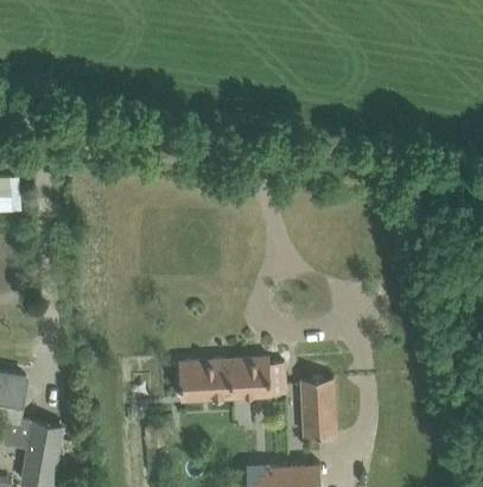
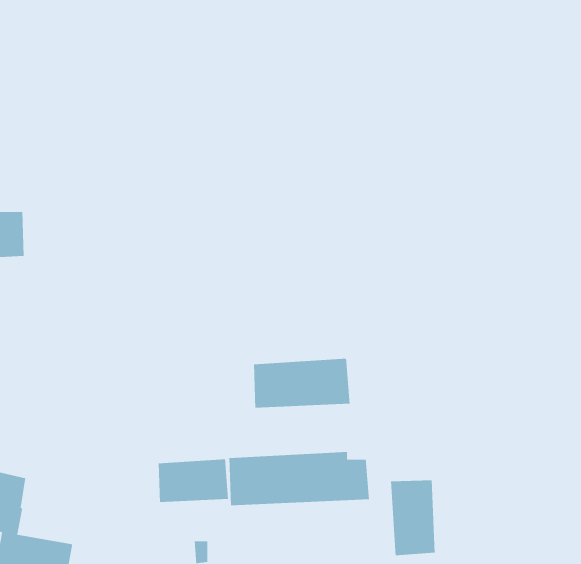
building: none -> [253,358,350,408]
building: none -> [158,458,229,503]

